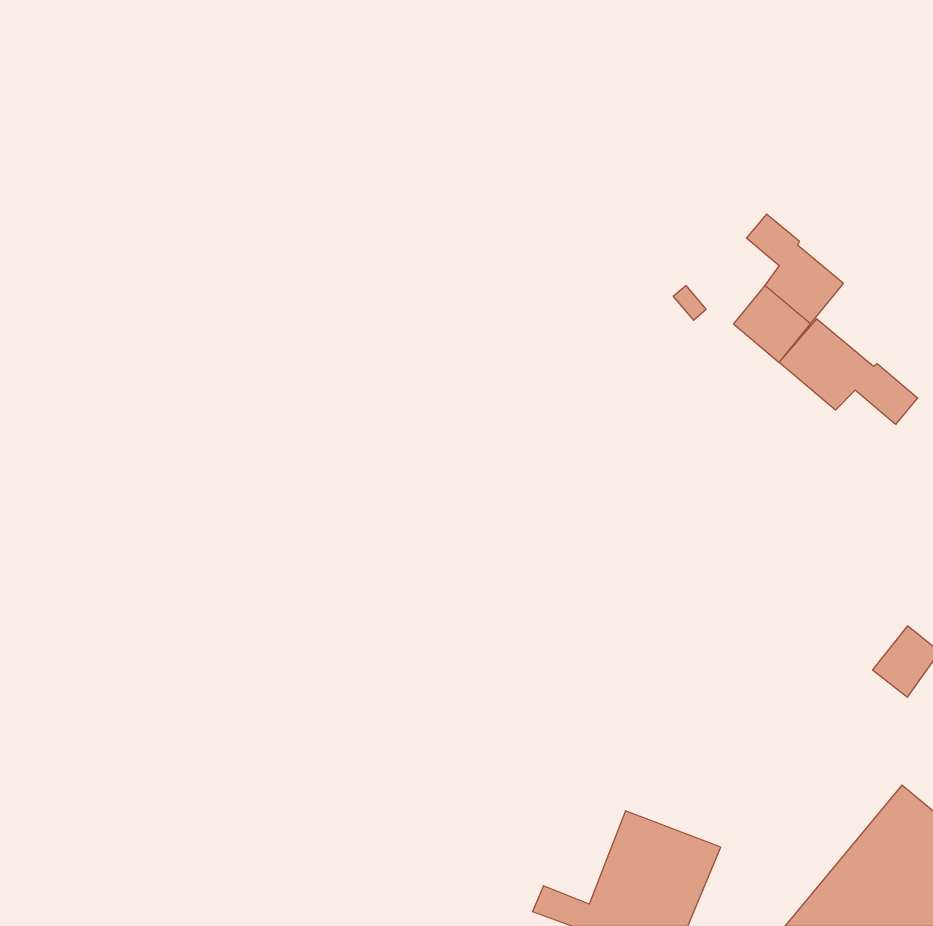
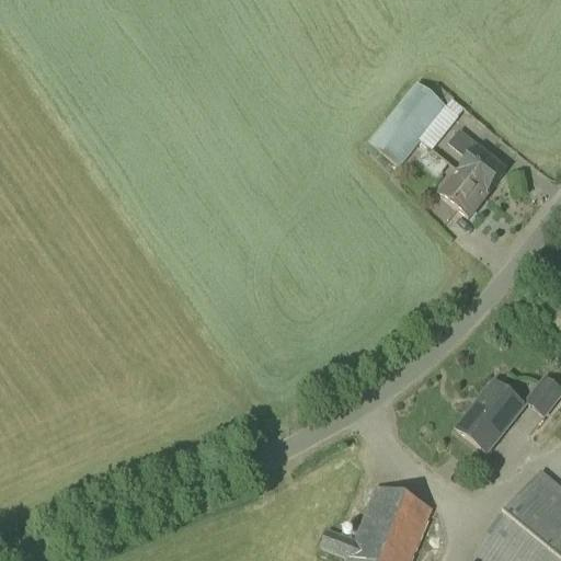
building: none -> [369,82,446,165]
building: [779,319,918,424] -> none
building: none -> [457,380,525,447]

